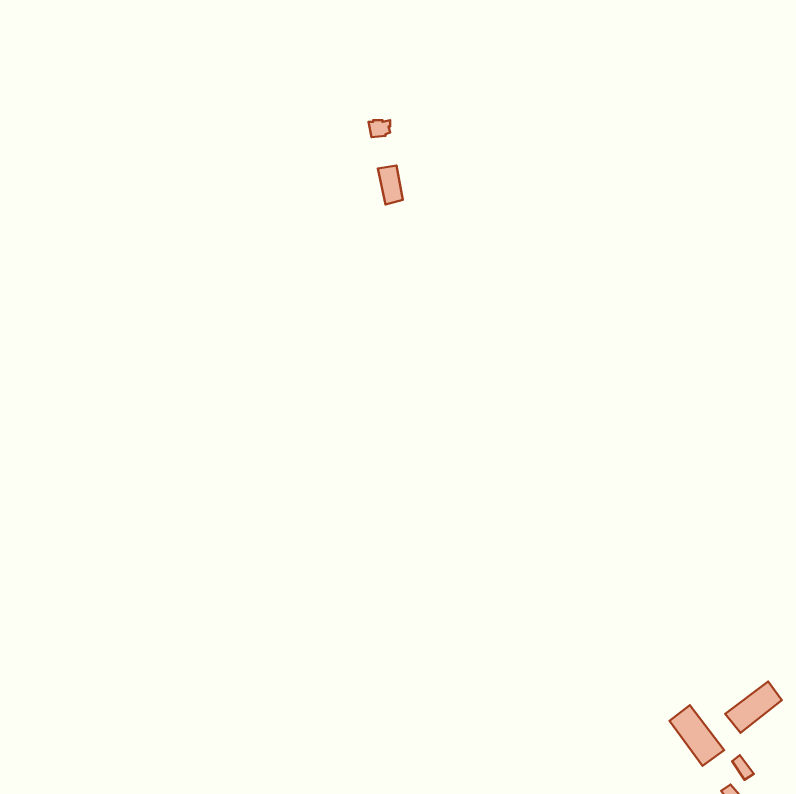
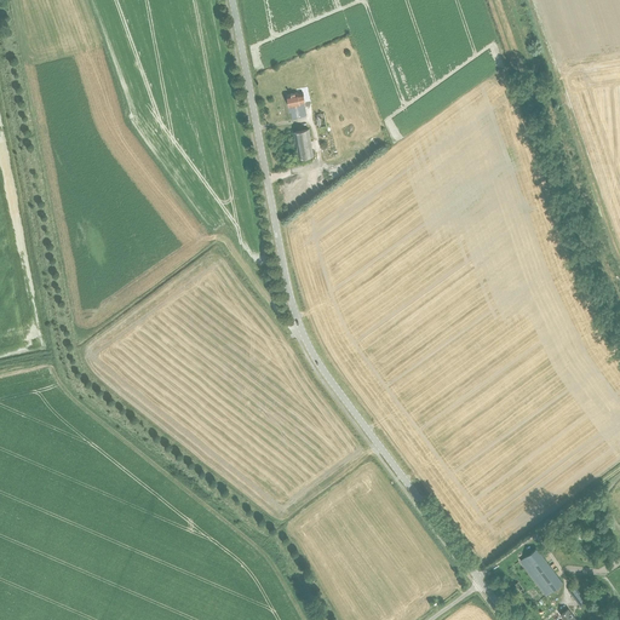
building: [725,681,782,733] -> none

